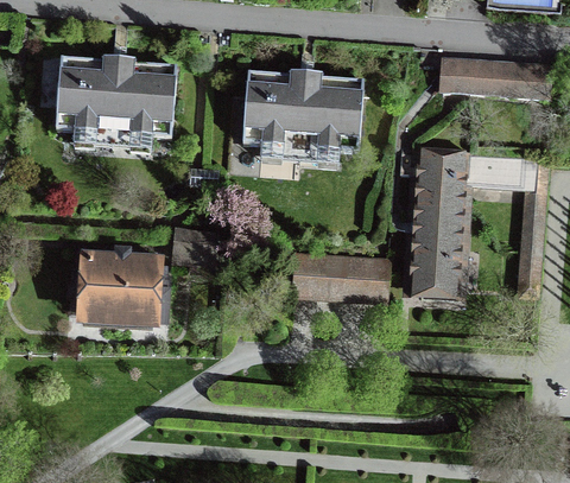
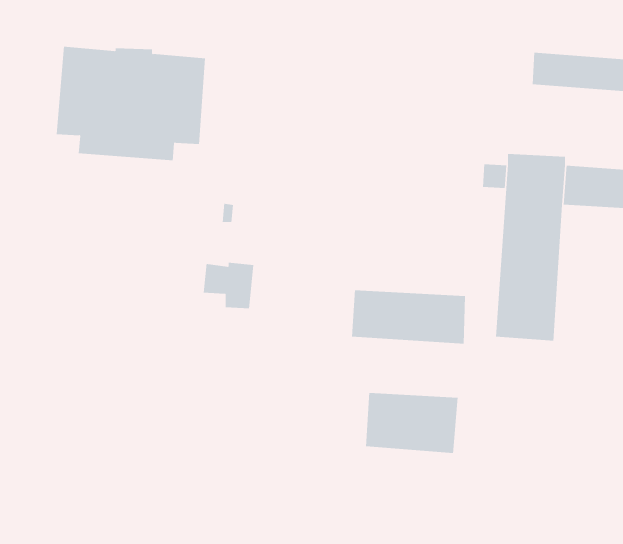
building: [242,71,363,164] -> none
building: [82,249,171,322] -> none
building: none -> [365,392,458,454]

